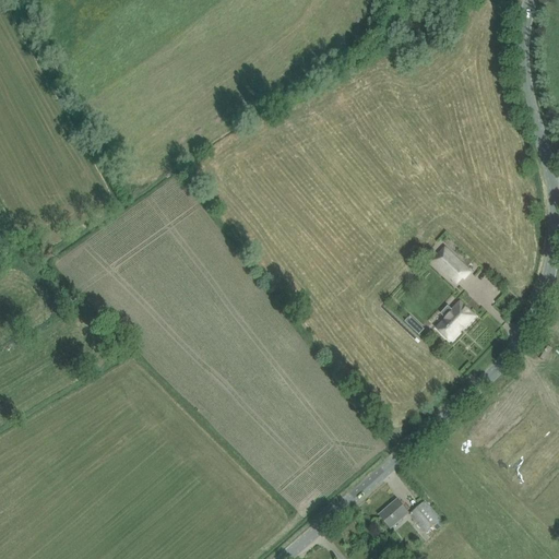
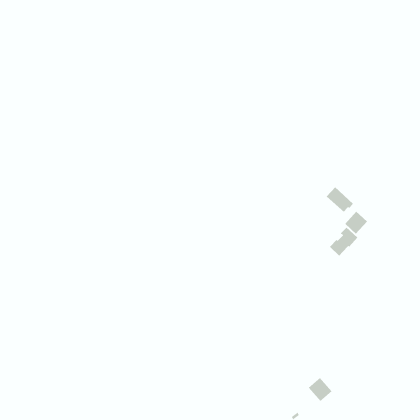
building: none -> [344,211,368,234]
building: [377,497,408,527] -> none

